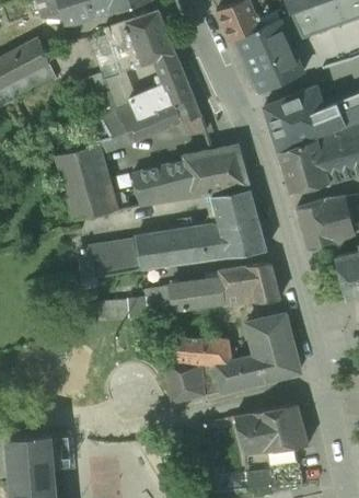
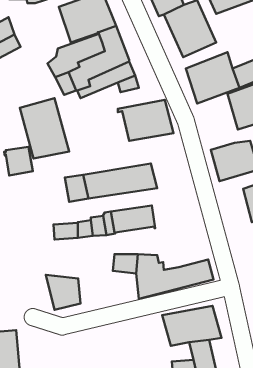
building: [279,138,329,193] -> none
building: [131,160,193,206] -> none
building: [205,188,266,256] -> none
building: [81,243,117,279] -> [4,147,33,175]
building: [220,263,279,306] -> none
building: [246,314,292,356] -> none
building: [161,359,205,403] -> [46,275,81,310]

